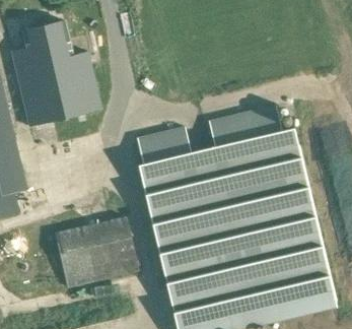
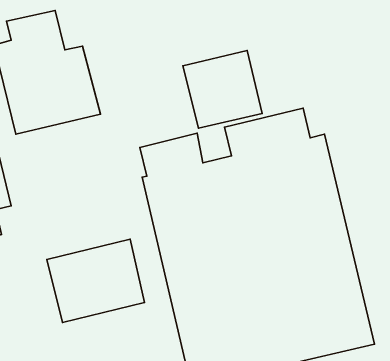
building: none -> [183,51,262,128]

